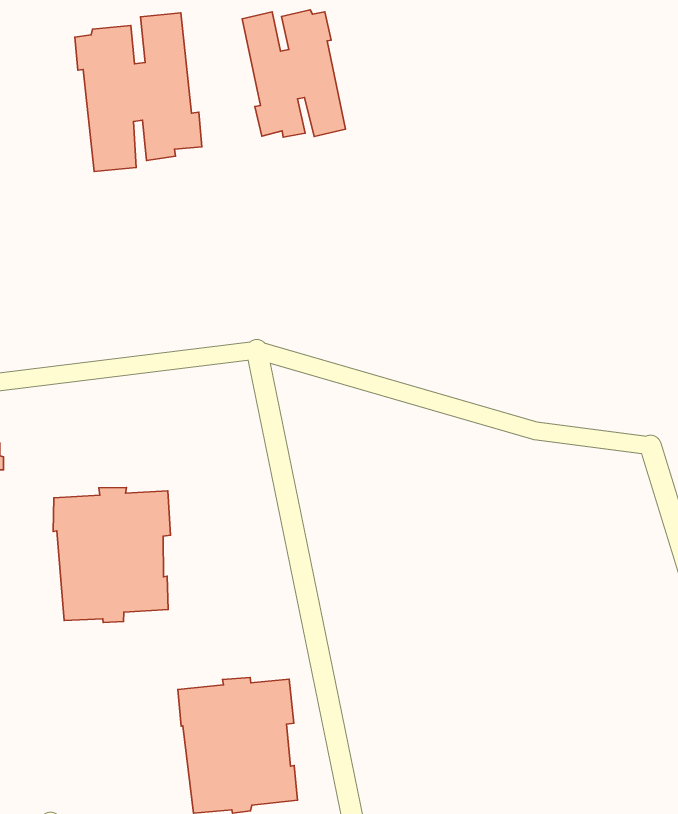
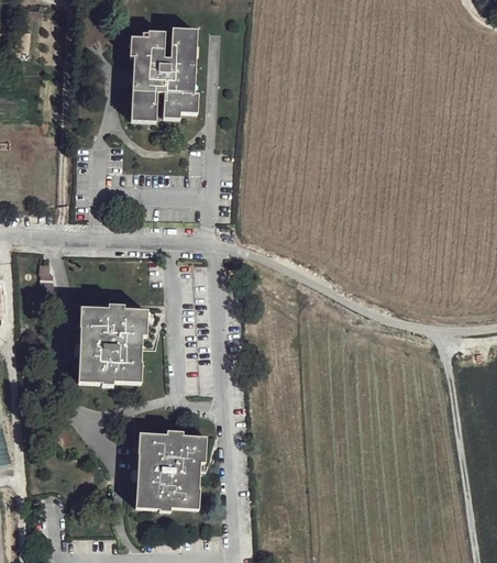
building: [242,10,346,137] -> none

